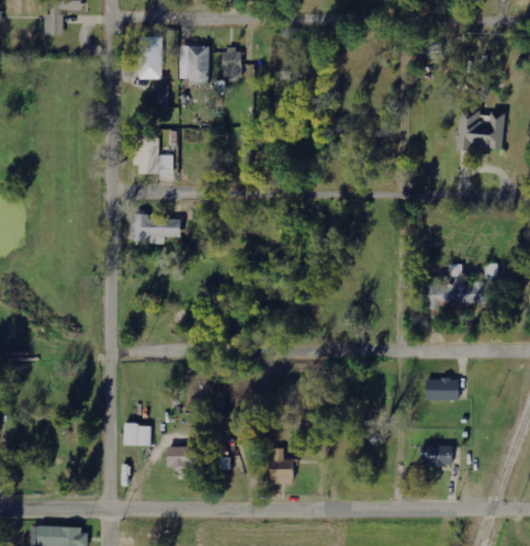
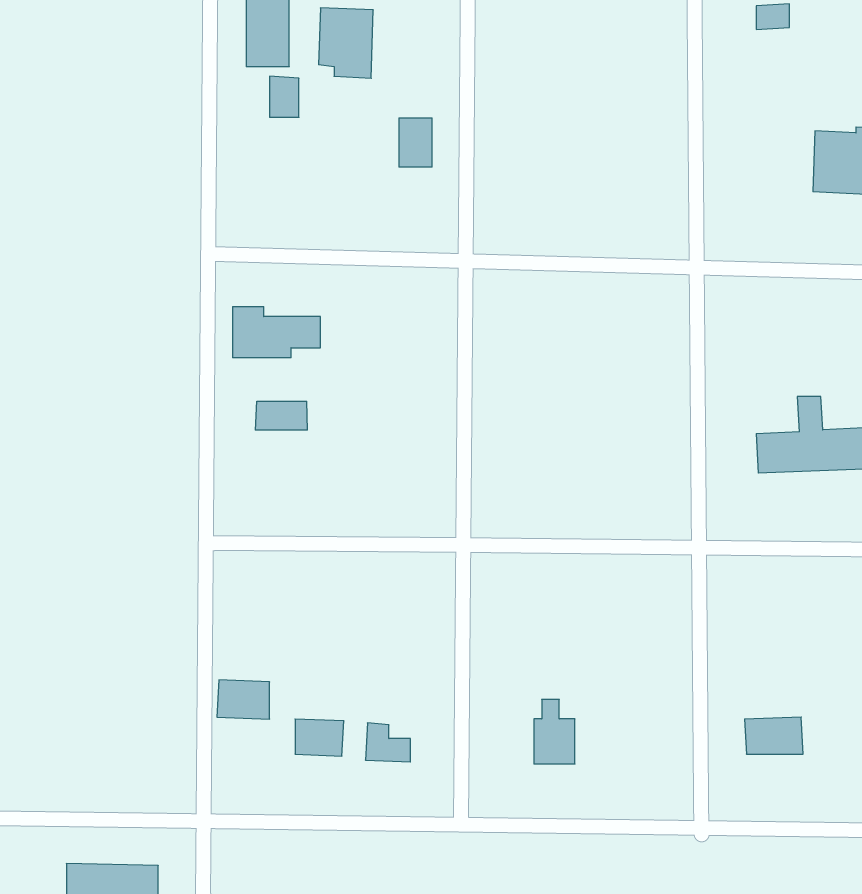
building: [224,48,243,76] -> [399,118,432,167]
building: [133,137,172,174] -> none
building: none -> [255,401,307,430]
building: [426,378,459,400] -> none
building: [270,447,293,483] -> [534,699,575,764]

